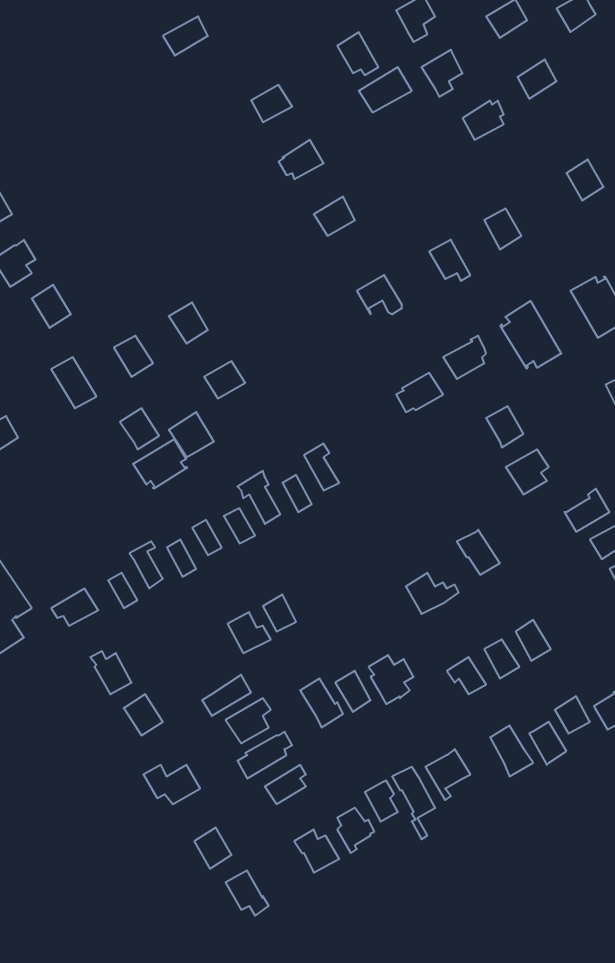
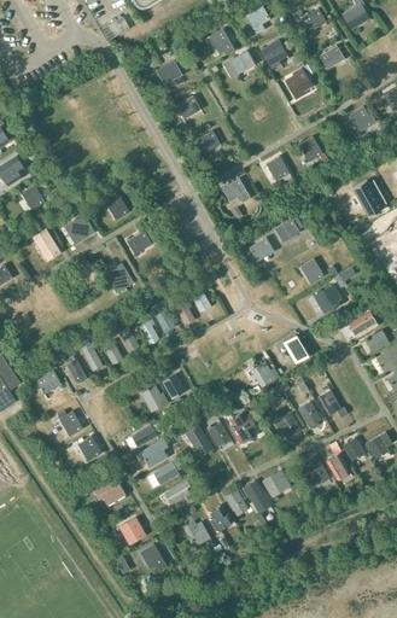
building: [501,301,561,369] -> none
building: [133,439,187,489] -> none

